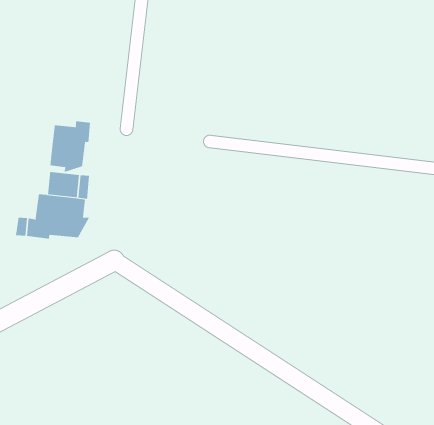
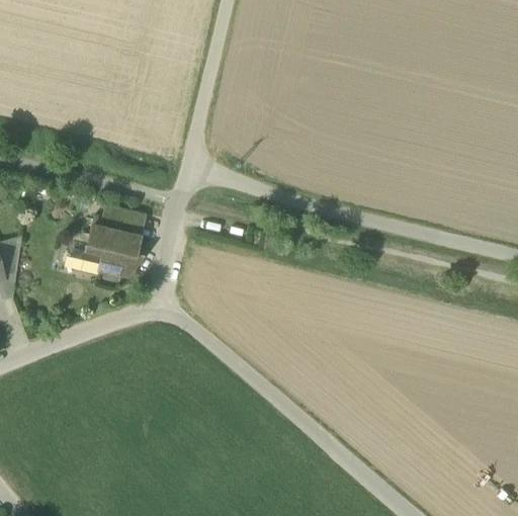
building: [50,120,91,173] -> none

